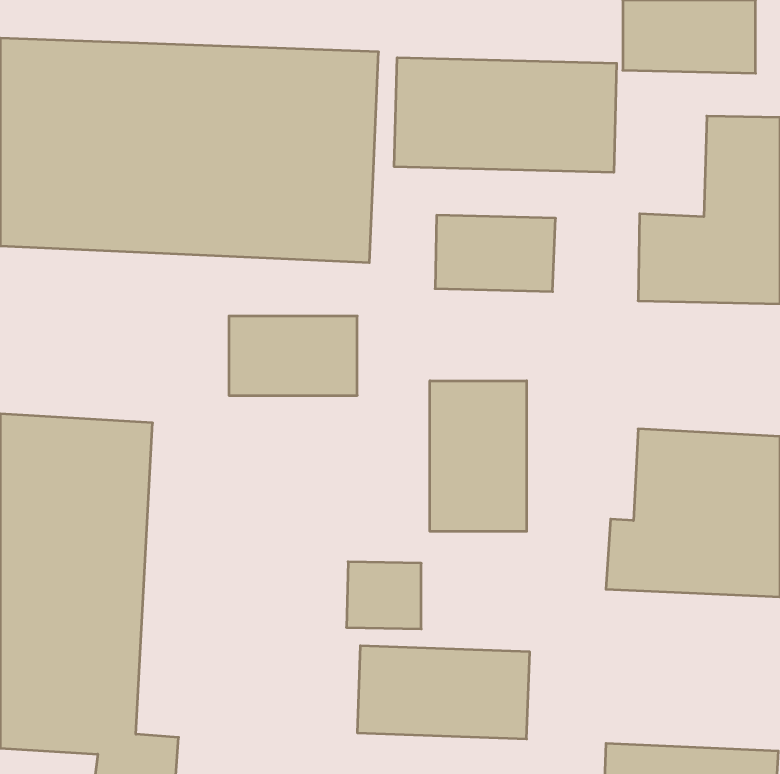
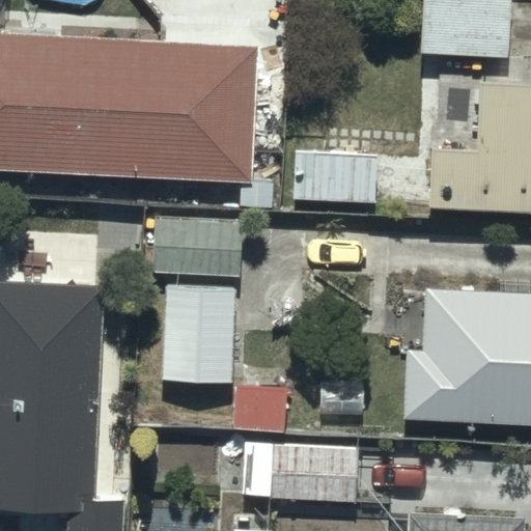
building: [394,58,617,172] -> none
building: [430,381,527,531] -> none
building: none -> [167,286,231,380]

